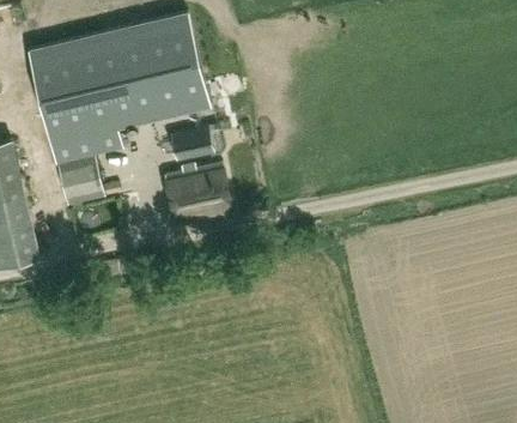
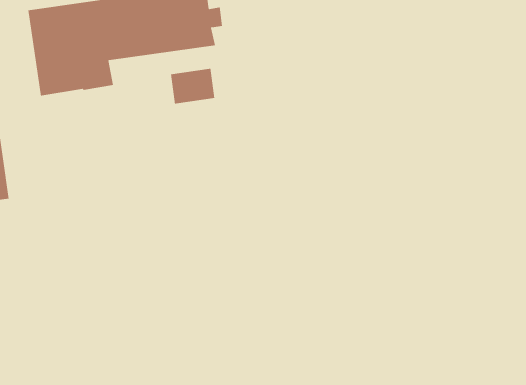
building: [55,151,103,204] -> none
building: [164,161,230,222] -> none

